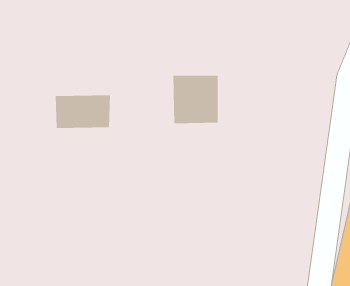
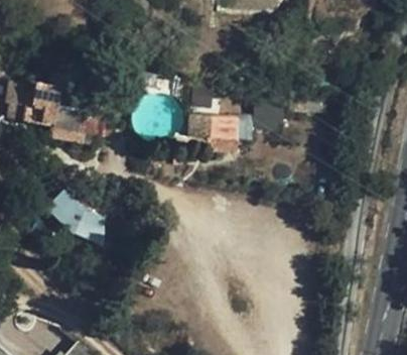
building: none -> [12,86,57,128]
building: none -> [48,189,105,242]

